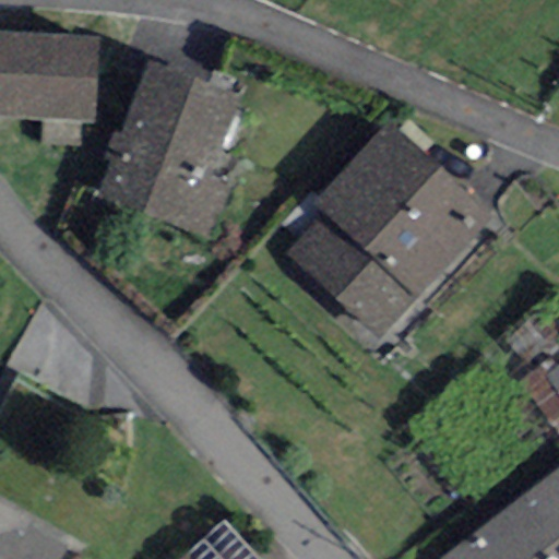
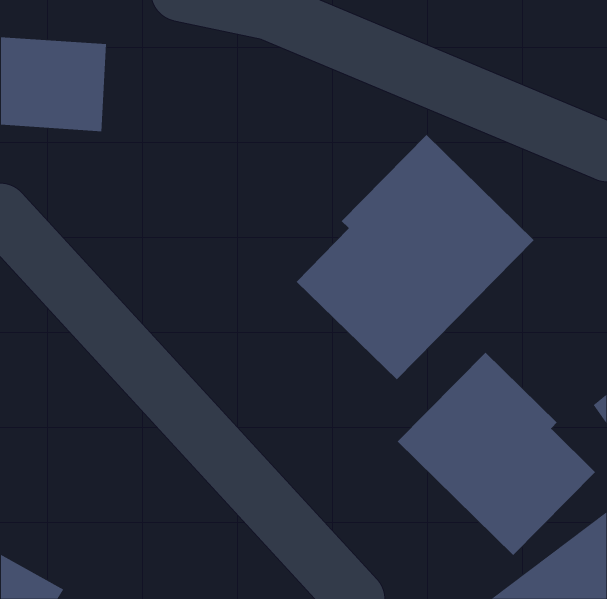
building: [103,67,241,235] -> none
building: none -> [397,352,596,556]

